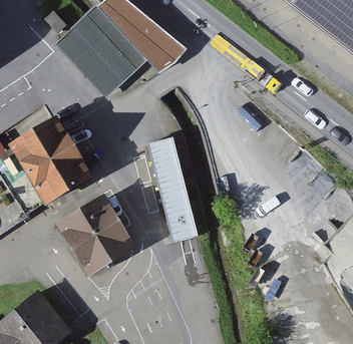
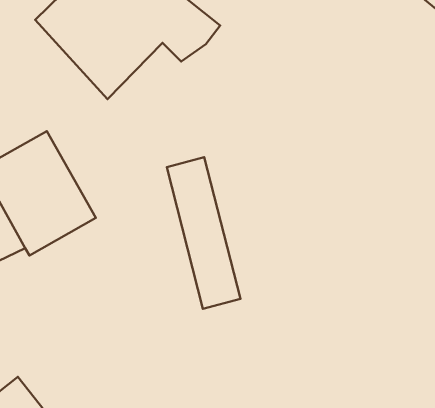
building: [60,195,140,276] -> none

